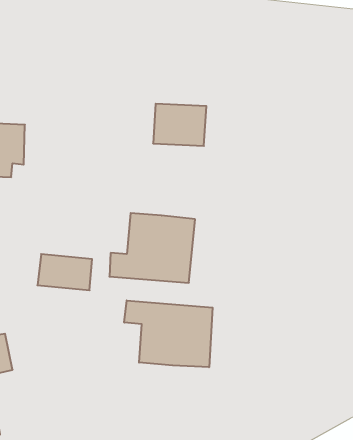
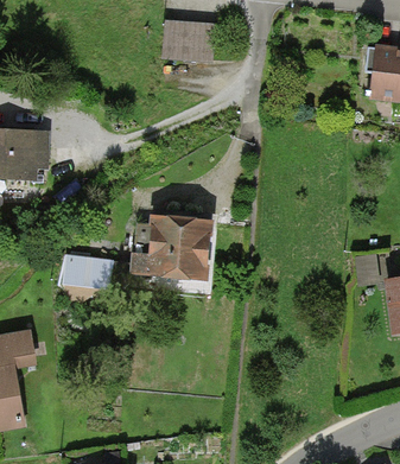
building: [153,104,206,146] -> [161,19,212,59]
building: [124,300,213,367] -> none

